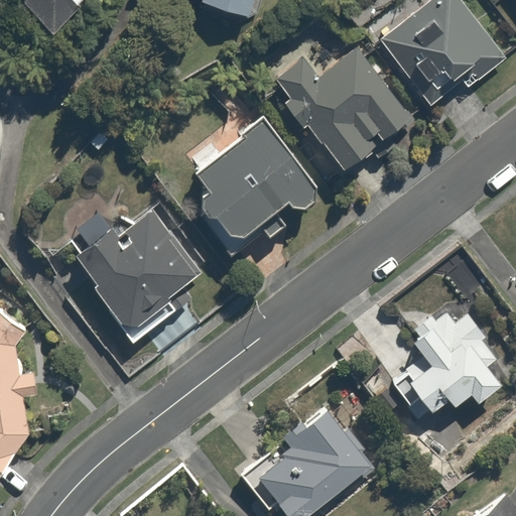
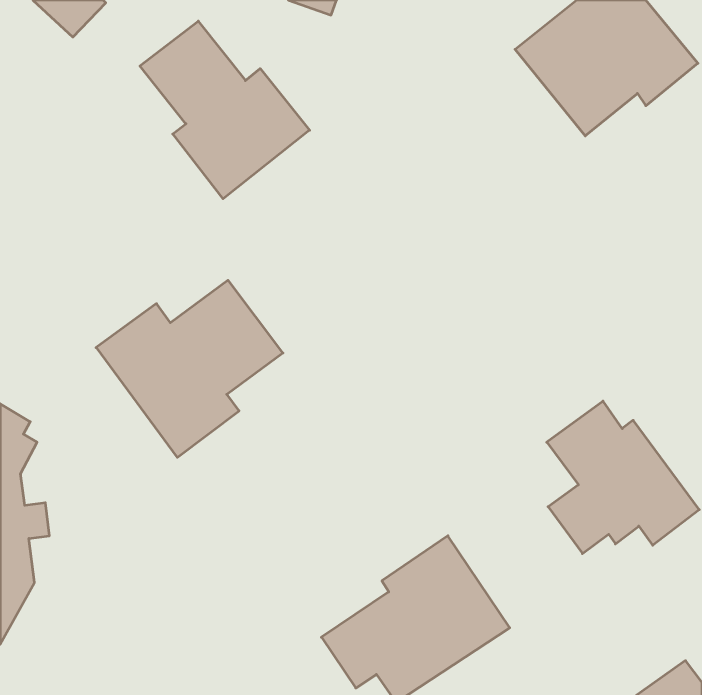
building: none -> [140,21,310,199]
building: [271,45,411,177] -> none
building: [190,116,319,256] -> none

